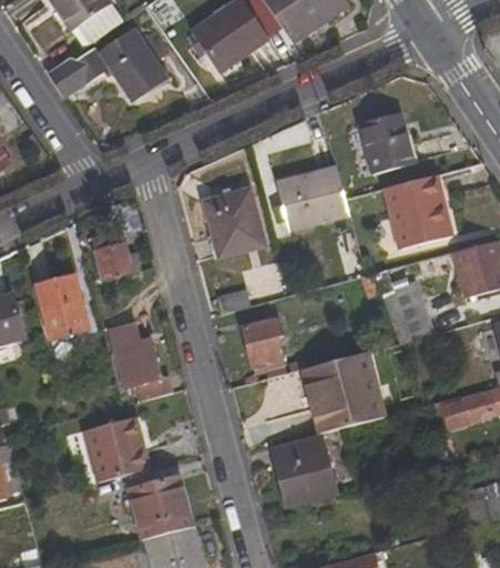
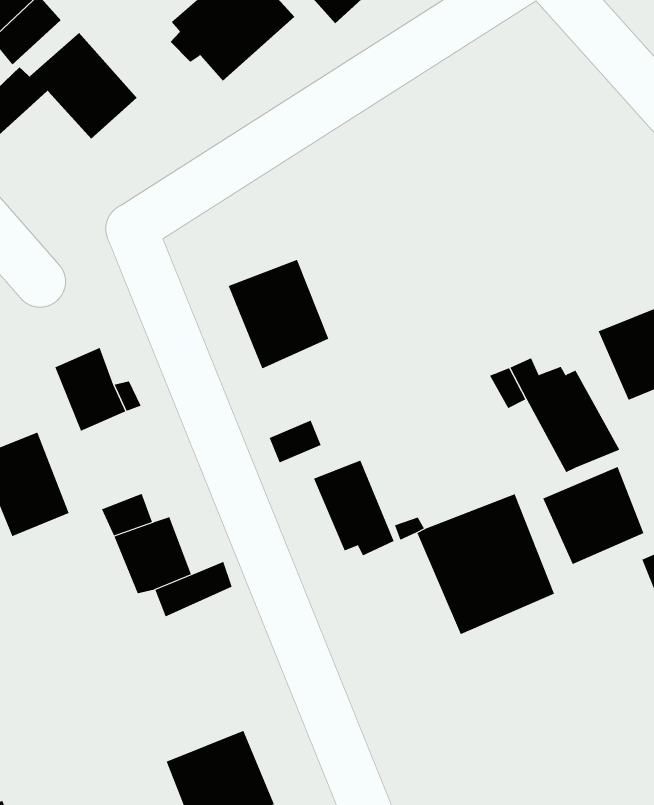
building: [358,111,415,173] -> none
building: [278,168,349,227] -> none
building: [384,174,450,248] -> none
building: none -> [542,466,644,565]
building: [79,417,145,483] -> none
building: [272,435,337,503] -> none

